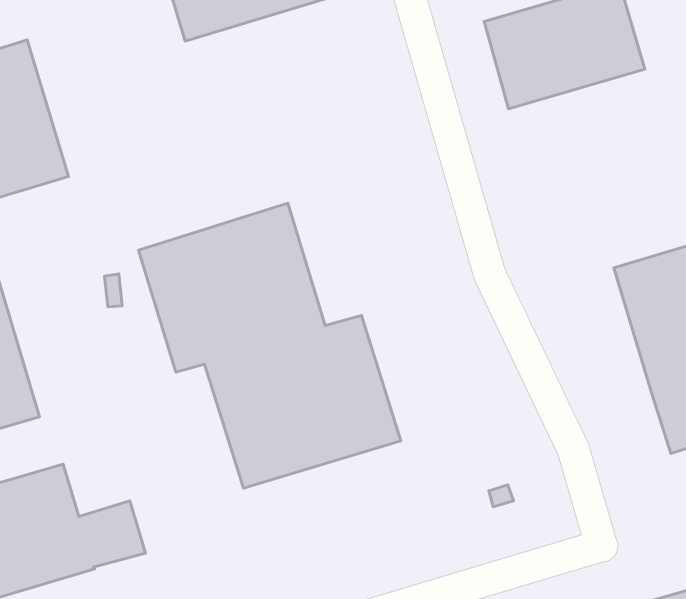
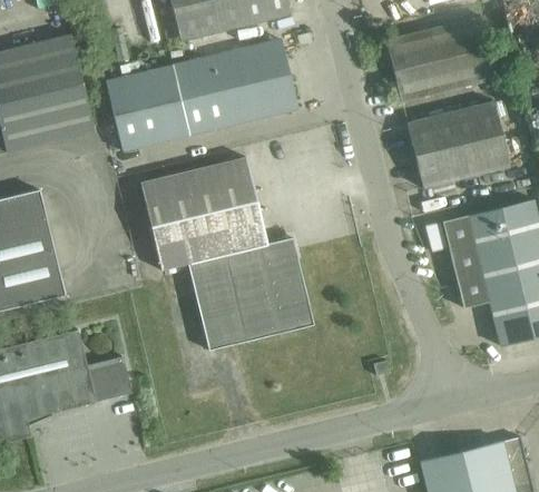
building: none -> [106,38,297,149]
building: none -> [406,101,509,187]
building: none -> [442,214,489,306]

